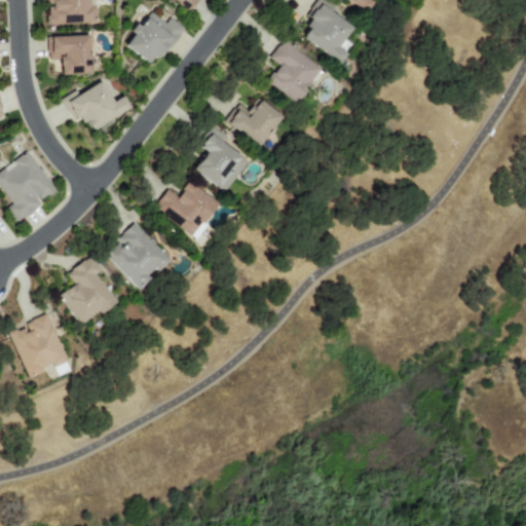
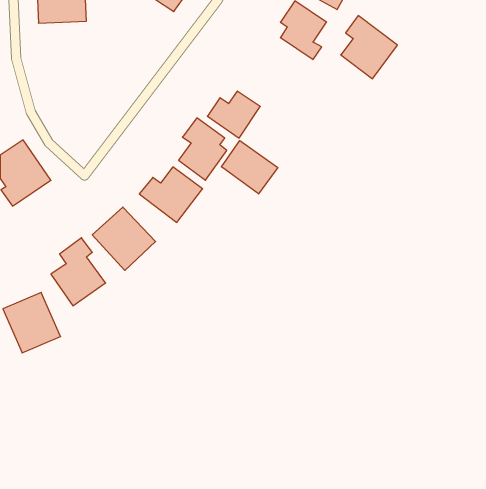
building: [124,11,187,63] -> none
building: [49,34,93,75] -> none
building: [266,38,327,106] -> [341,16,397,79]
building: [63,79,133,129] -> none
building: none -> [221,141,278,194]

